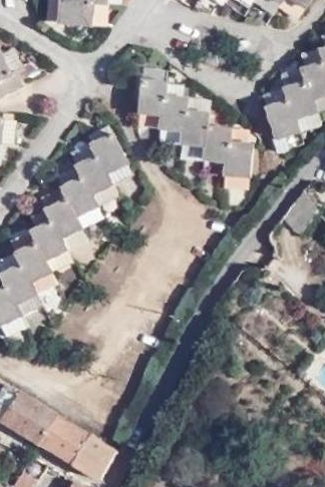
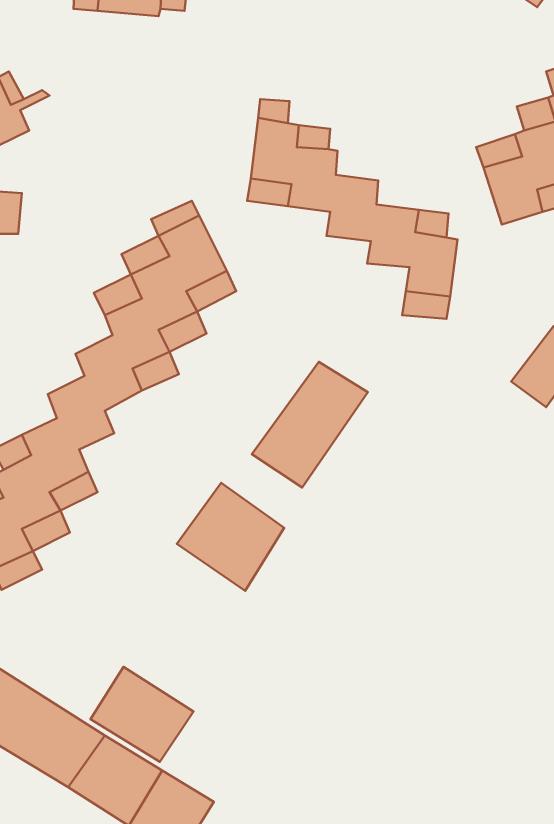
building: none -> [252,362,368,487]
building: none -> [177,483,284,591]
building: none -> [91,667,194,762]

